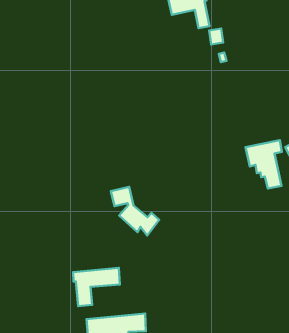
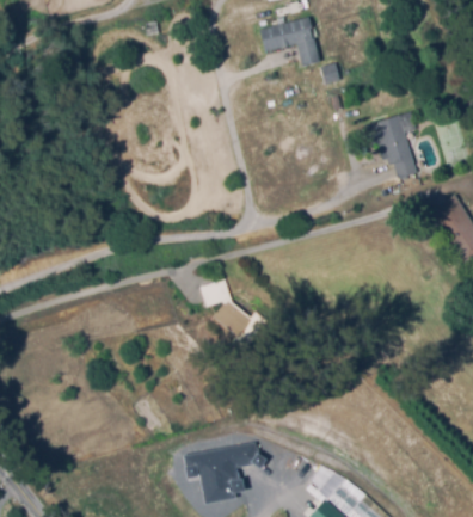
building: [246,140,282,188] -> [367,115,417,179]
building: [73,268,120,306] -> none

